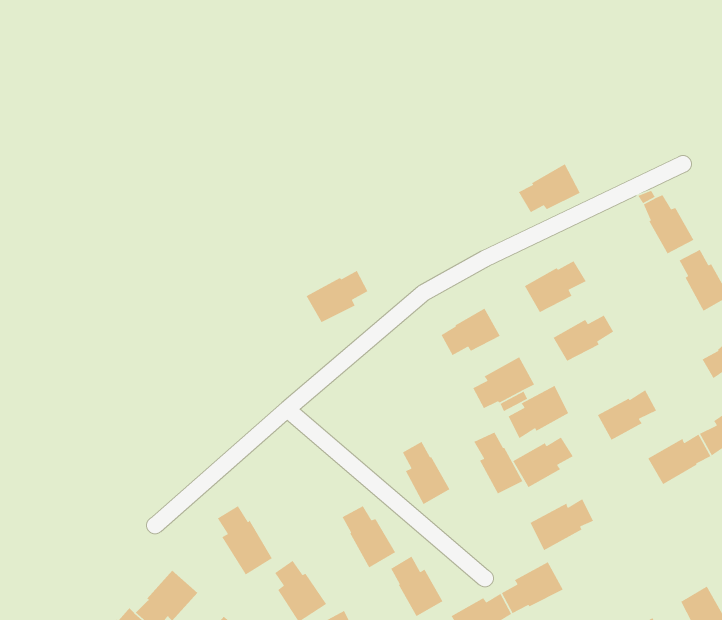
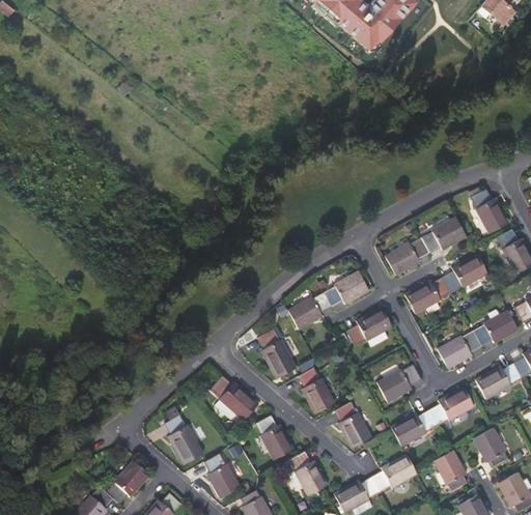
building: [518,163,581,213] -> [422,216,468,252]
building: [305,270,369,323] -> [288,290,334,328]
building: none -> [444,254,486,288]
building: none -> [474,310,519,345]
building: [508,385,569,439] -> [428,385,473,425]
building: none -> [257,327,296,378]
building: [473,431,523,494] -> [334,402,370,448]
building: none -> [212,374,259,420]
building: none -> [475,428,510,468]
building: none -> [435,450,469,491]

